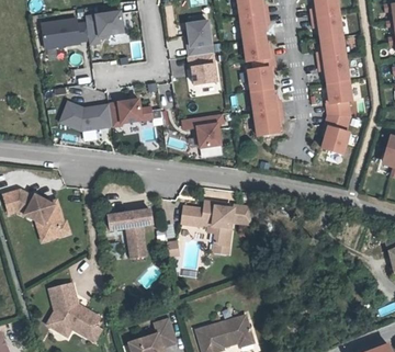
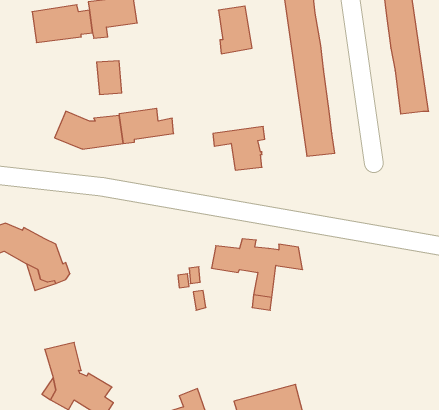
building: [188,52,216,84] -> none
building: [321,101,349,155] -> none
building: [109,209,153,253] -> none

